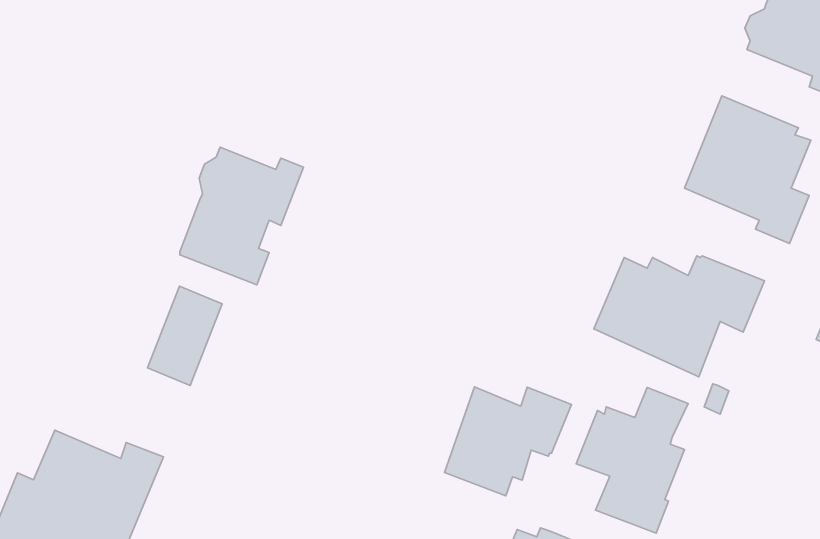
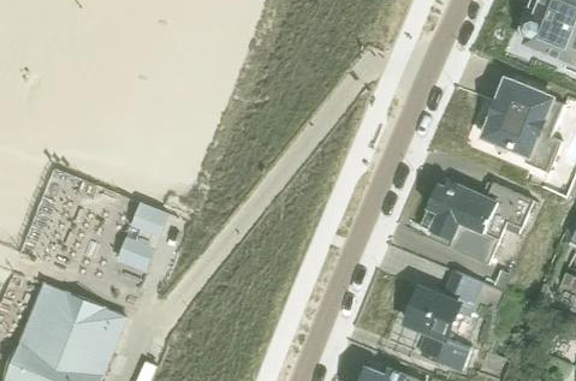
building: [180,147,303,285] -> none
building: [444,387,571,496] -> none

